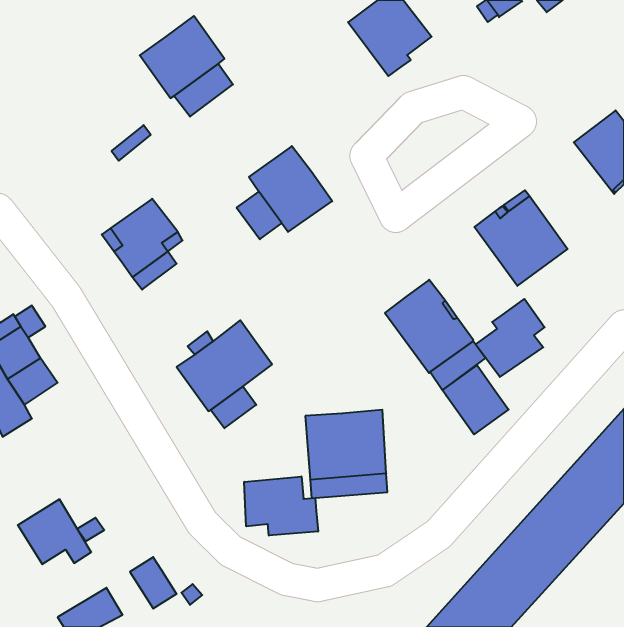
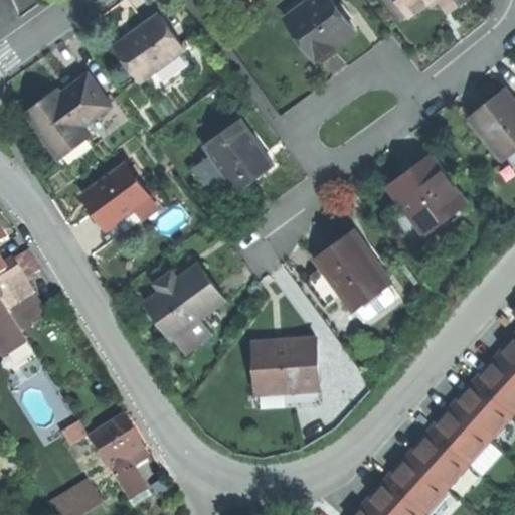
building: none -> [27,74,111,157]
building: [476,299,545,377] -> none
building: [443,365,509,434] -> none
building: [244,476,318,536] -> none
building: [18,499,91,564] -> [87,415,147,469]

